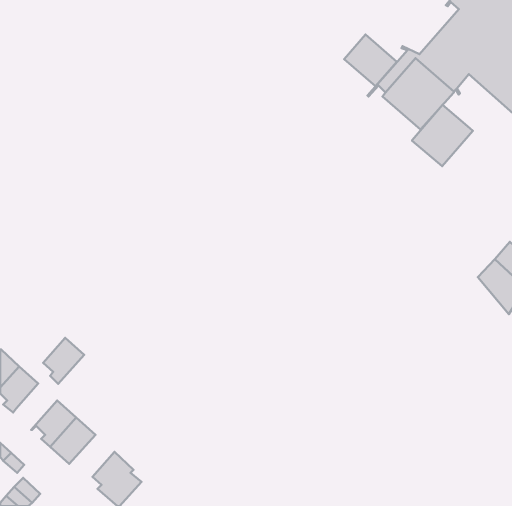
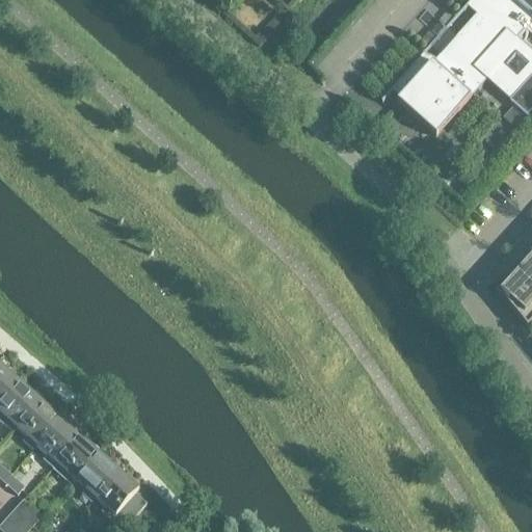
building: [344,35,397,86] -> none
building: [412,105,473,166] -> none
building: [43,338,84,384] -> [18,397,60,445]
building: none -> [73,450,119,498]

